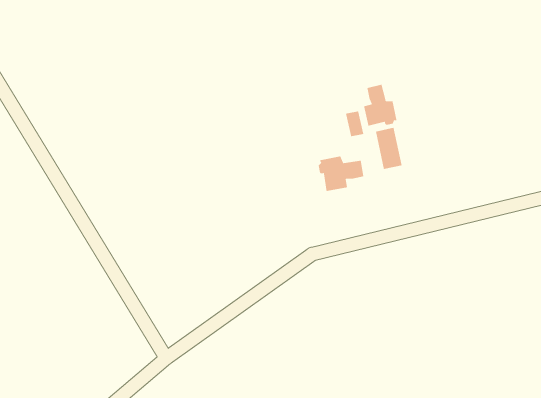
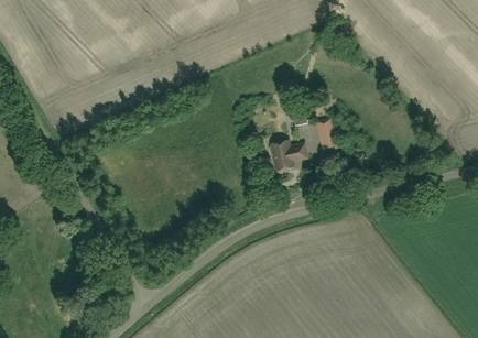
building: [364,84,397,126] -> none

